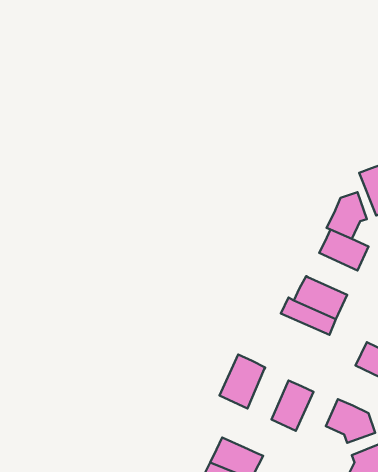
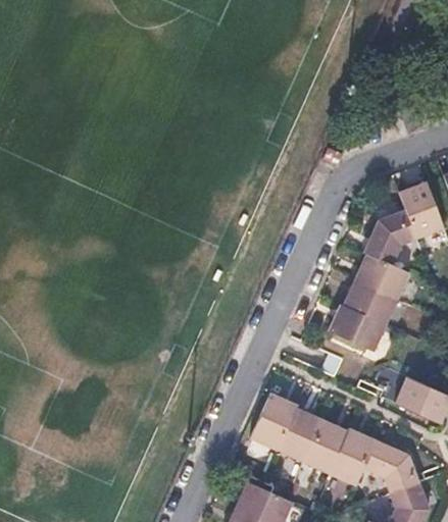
building: none -> [343,279,397,325]
building: none -> [277,407,321,462]
building: none -> [330,428,376,485]

